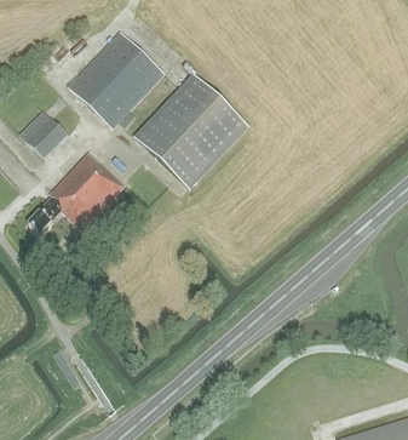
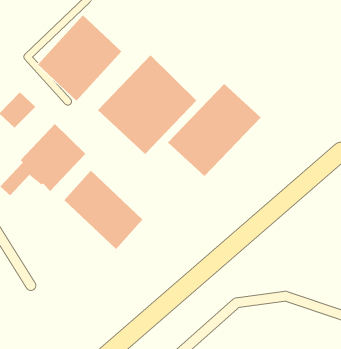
building: none -> [167,83,261,177]
building: none -> [64,170,143,250]

